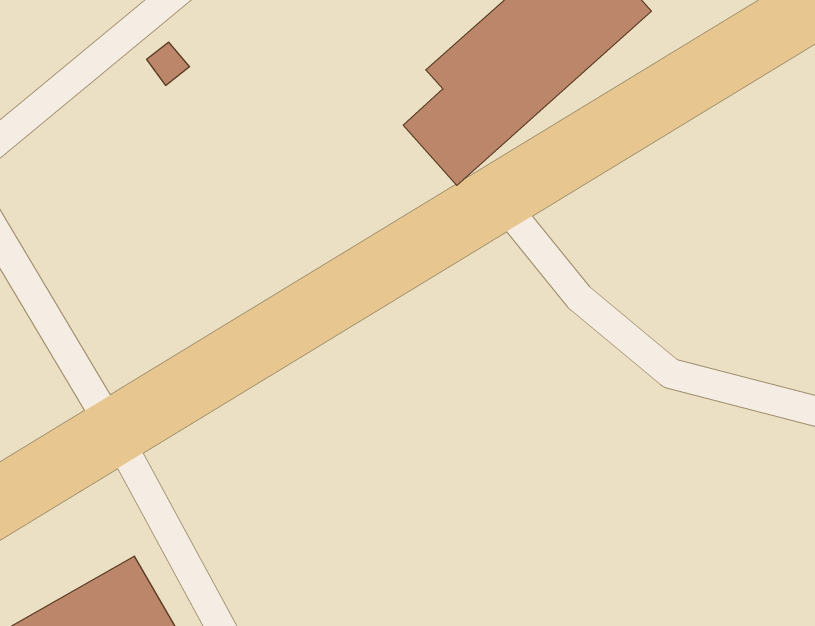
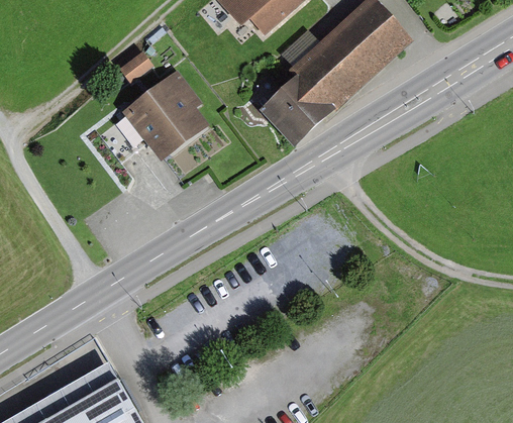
building: none -> [121,68,208,161]

